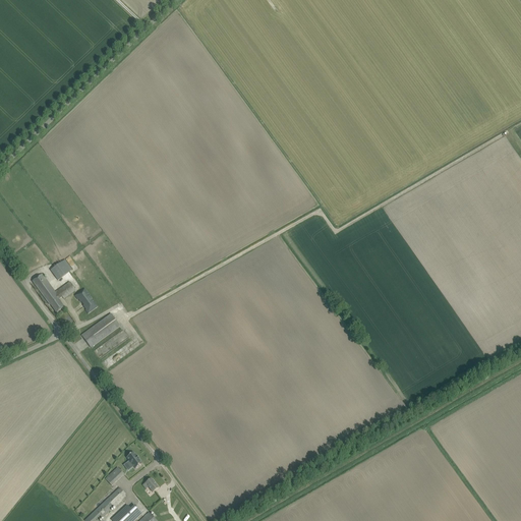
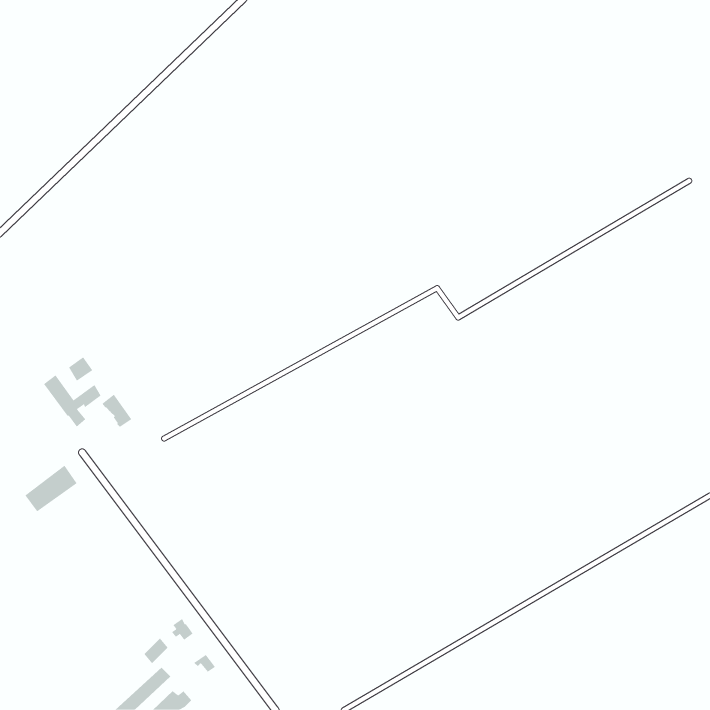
building: [80,312,119,347] -> [24,465,77,512]

